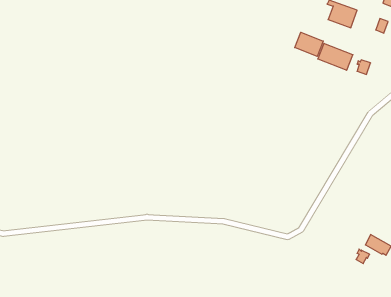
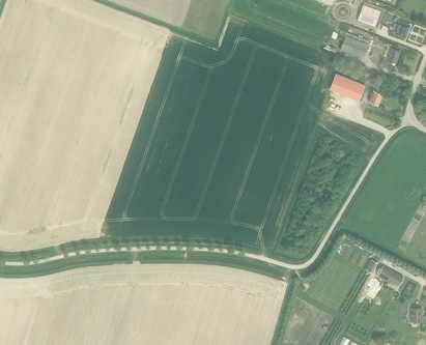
building: [295,32,323,56] -> none

